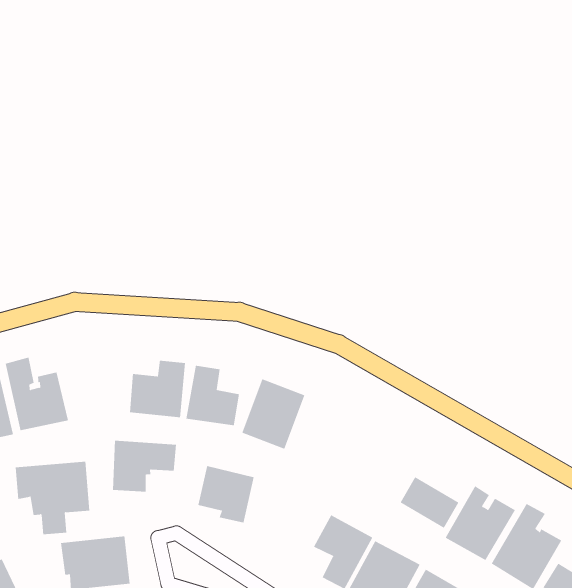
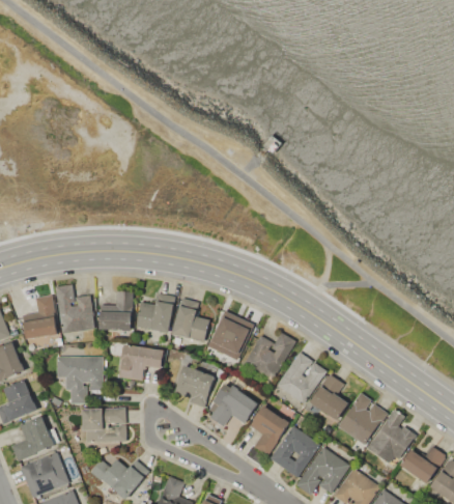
building: none -> [98,290,132,329]
building: none -> [244,332,295,381]
building: none -> [276,351,327,403]
building: none -> [209,381,259,426]

